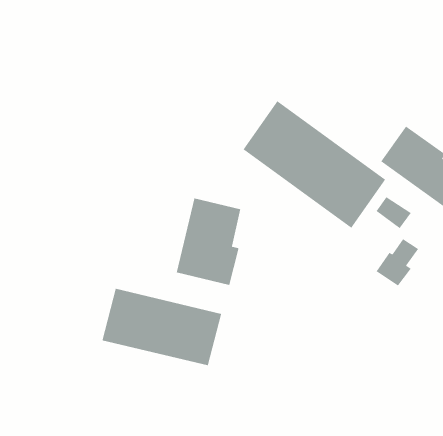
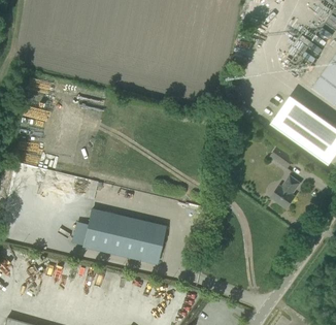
building: [243,100,386,229] -> none
building: [176,197,241,286] -> none

